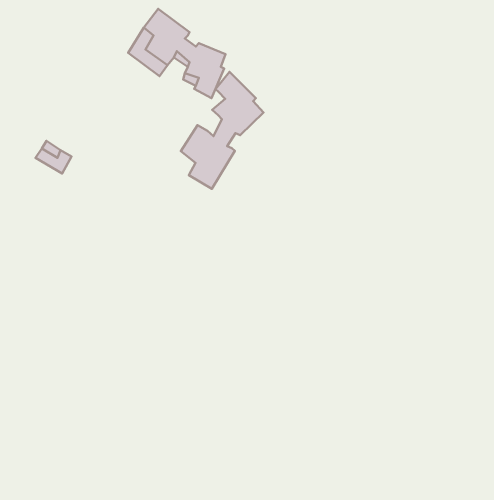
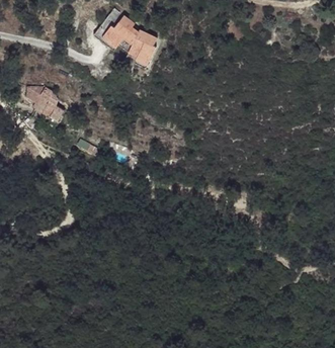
building: [181,72,264,189] -> none

